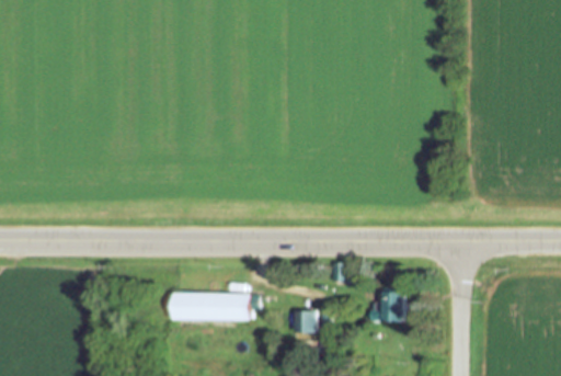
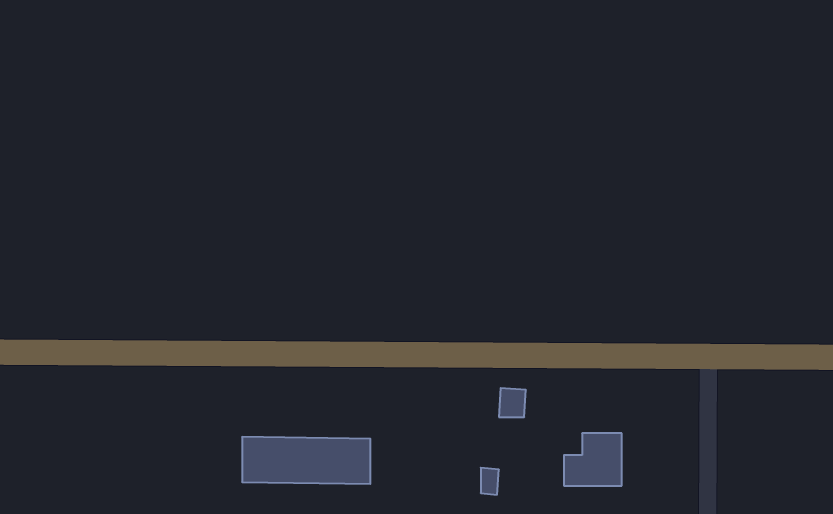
building: [293,309,313,331] -> none

